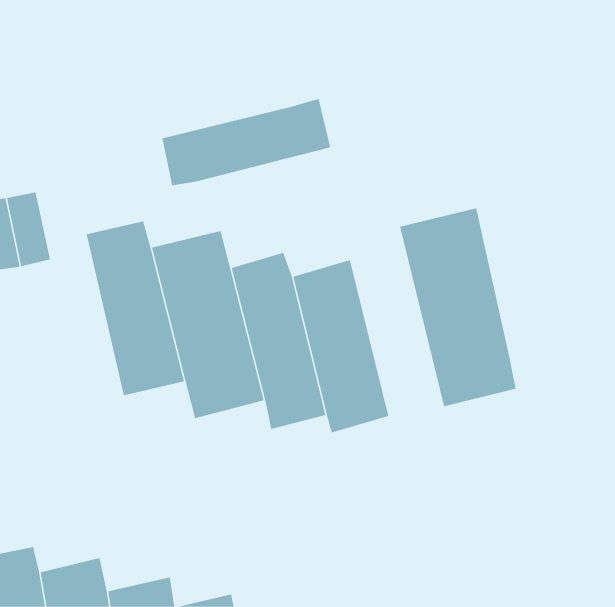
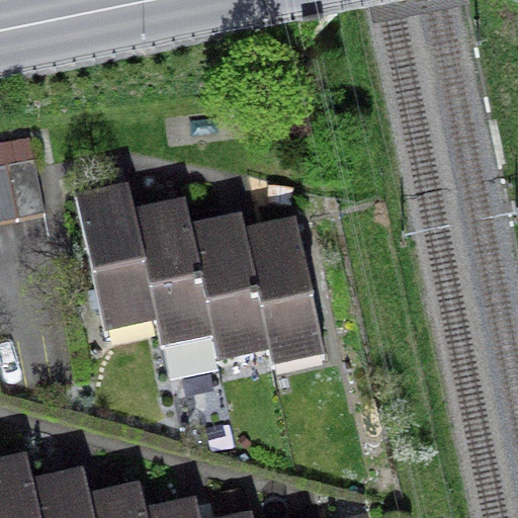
building: [162,98,331,186] -> none
building: [399,208,516,407] -> none

